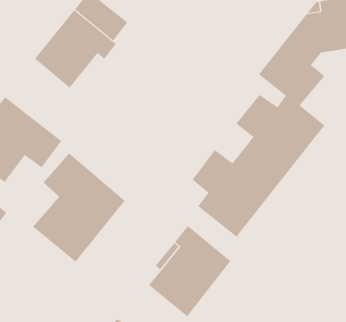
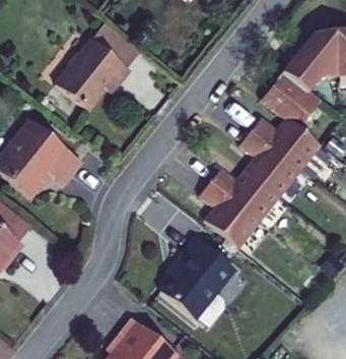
building: [32,152,126,262] -> none

